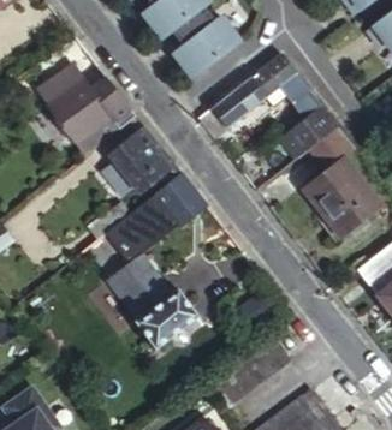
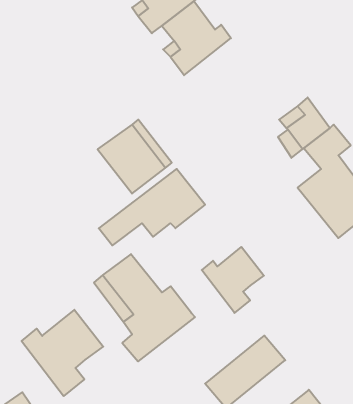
building: [195,56,303,149] -> none
building: [36,64,138,156] -> none
building: none -> [202,247,264,313]
building: none -> [22,310,103,396]

